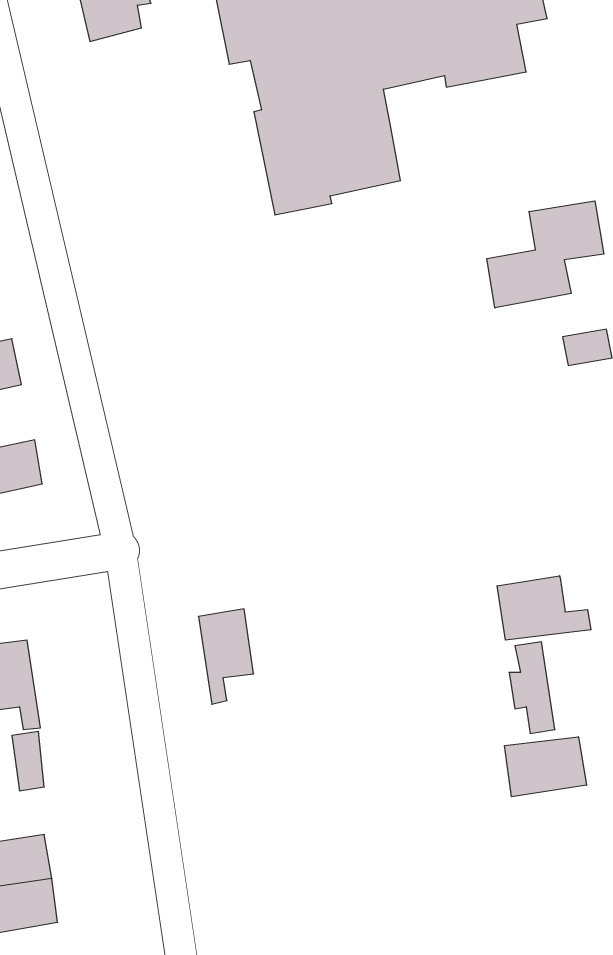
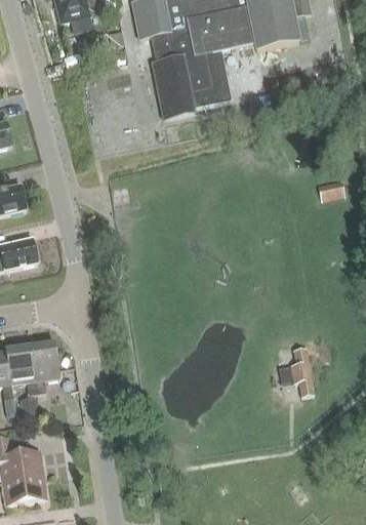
building: [487,201,604,308] -> none
building: [497,576,591,640] -> none
building: [198,609,254,704] -> [29,342,58,394]
building: [505,737,587,797] -> none

